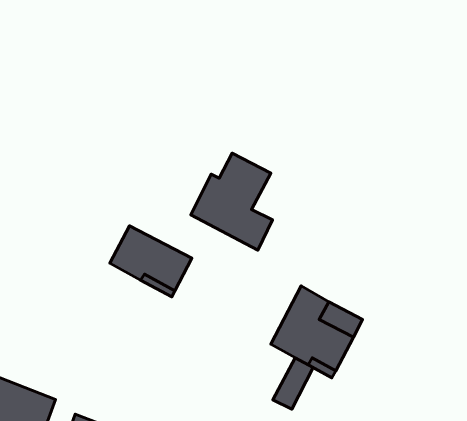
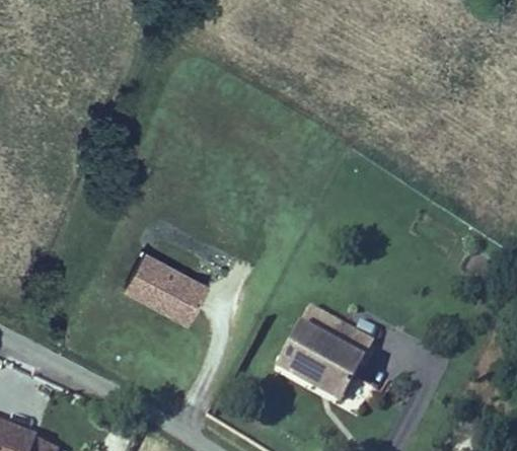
building: [191,153,272,250] -> none
building: [273,358,313,409] -> none

